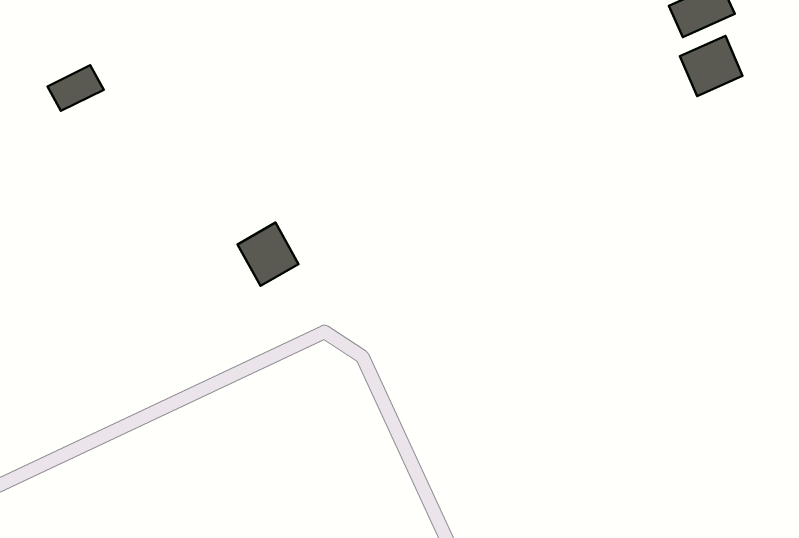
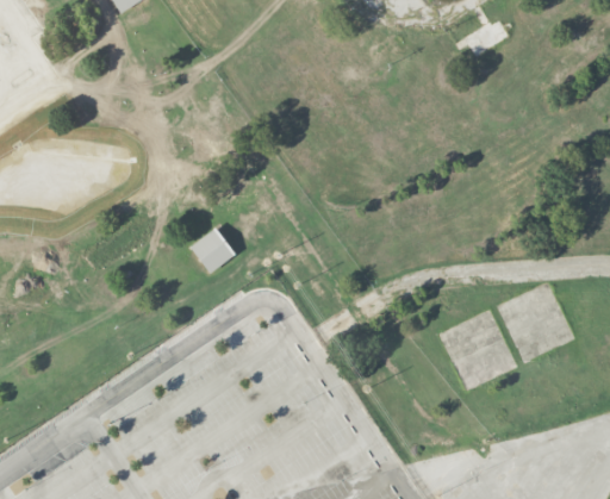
building: [680,36,743,96] -> none

